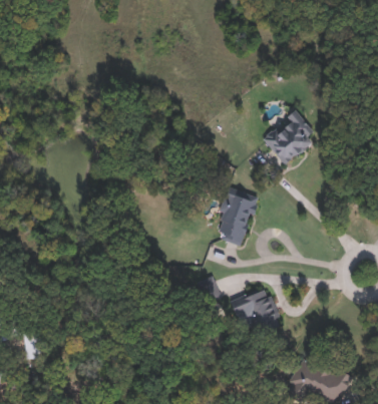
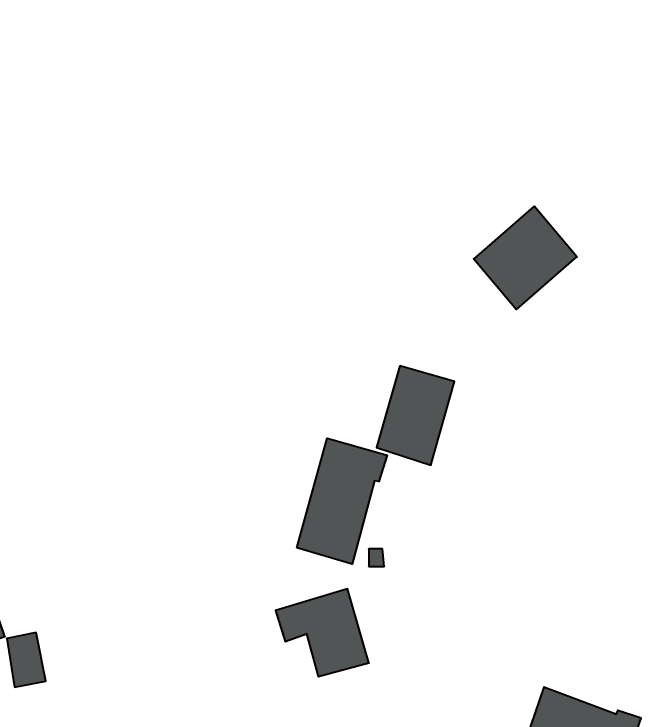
building: none -> [297,438,387,564]
building: [231,289,279,334] -> [276,589,369,677]

